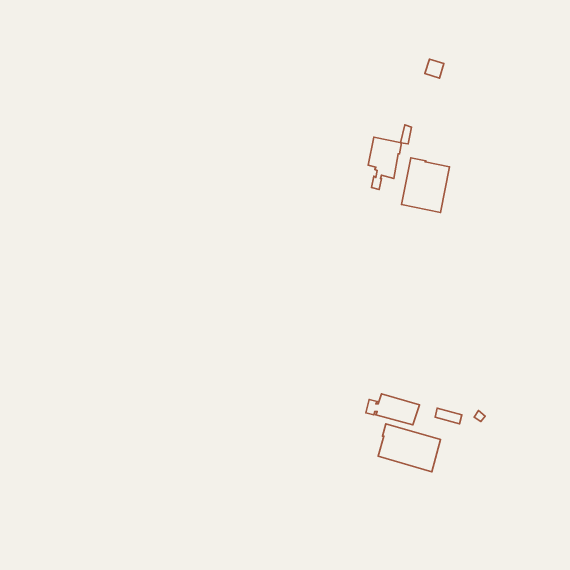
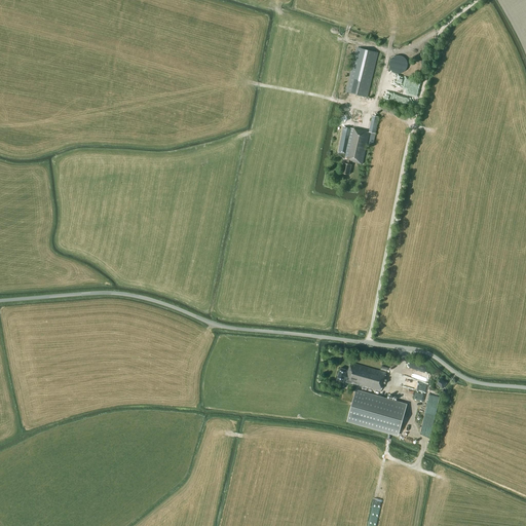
building: none -> [346,47,378,97]
building: [402,158,449,213] -> none

